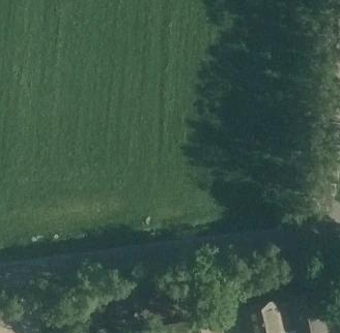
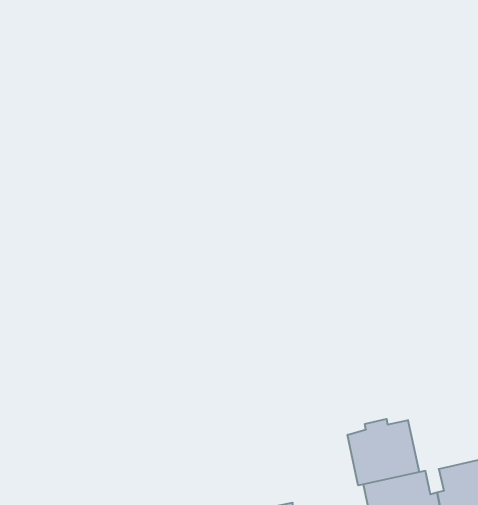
building: none -> [348,419,419,485]

